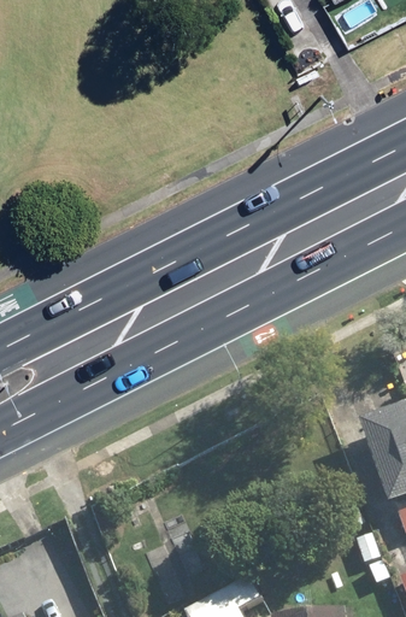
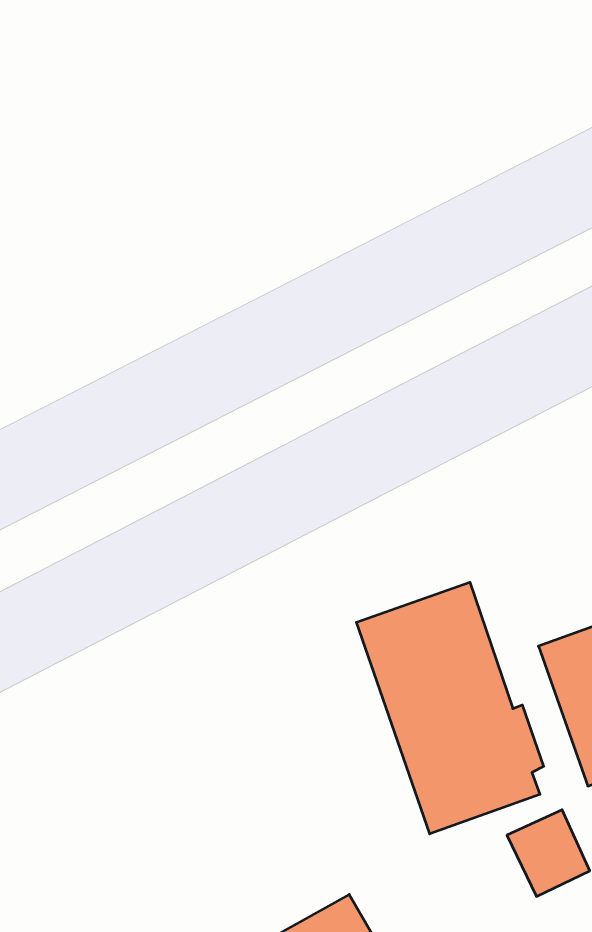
building: none -> [356,582,544,834]

